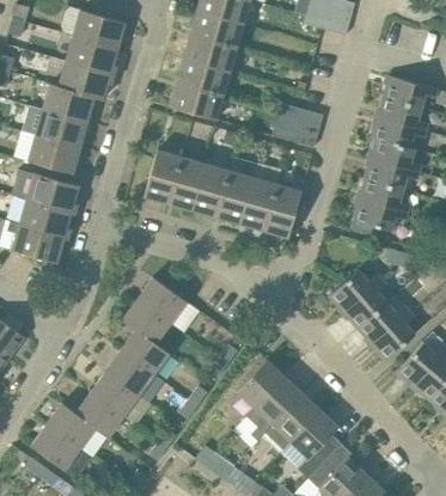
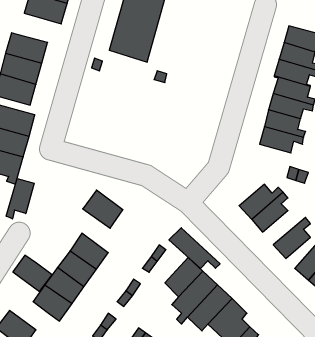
building: [57,60,110,98] -> none
building: [270,103,323,147] -> none
building: [143,149,301,237] -> none
building: none -> [6,178,34,219]
building: [356,294,409,343] -> none
building: [122,299,170,343] -> none
building: none -> [169,228,220,269]
building: [47,403,94,447] -> [13,255,52,291]

